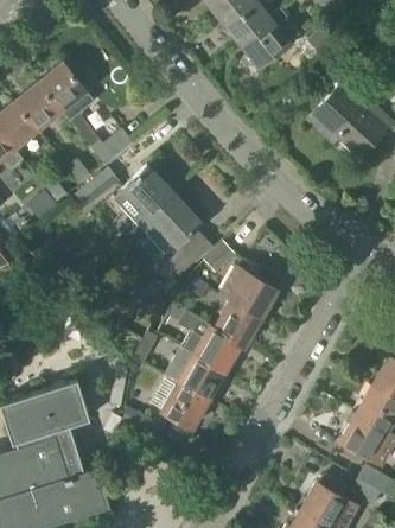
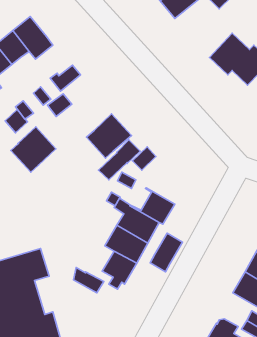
building: [113,166,174,228] -> [11,127,56,172]
building: [222,262,276,319] -> none
building: none -> [150,233,182,272]

